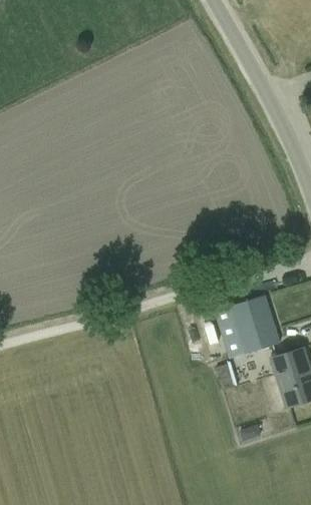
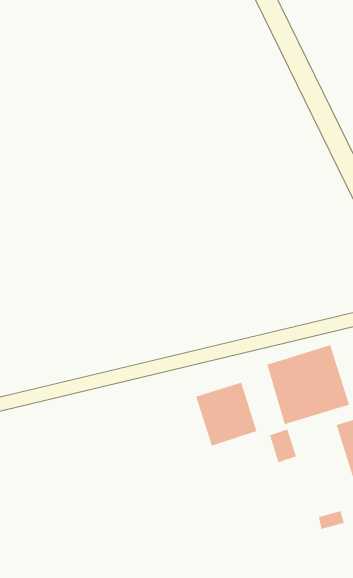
building: none -> [196,382,257,447]

